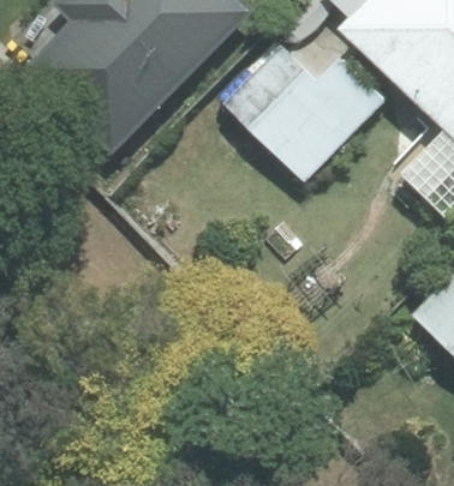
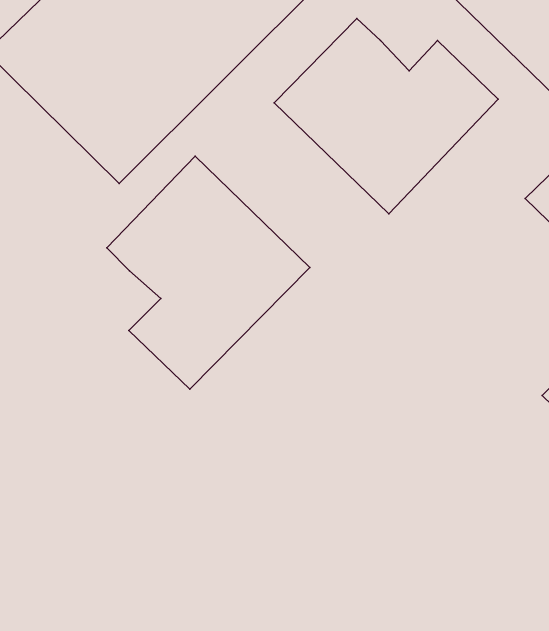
building: none -> [107,156,310,389]

